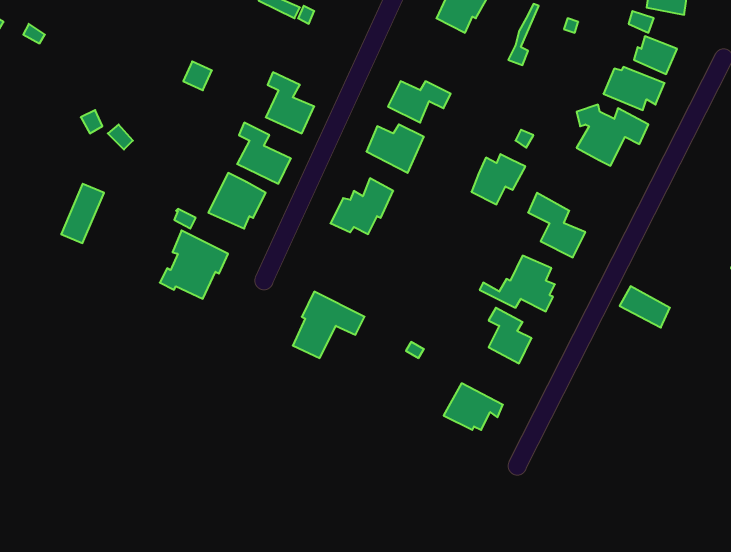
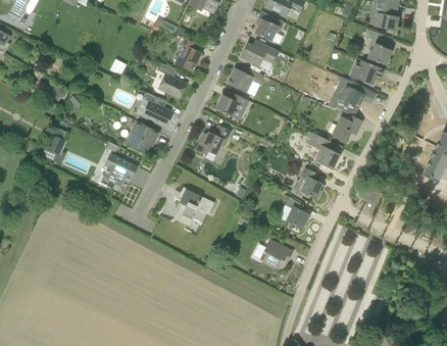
building: none -> [176,38,201,71]
building: none -> [240,40,279,66]
building: [471,154,525,204] -> [332,113,362,142]

